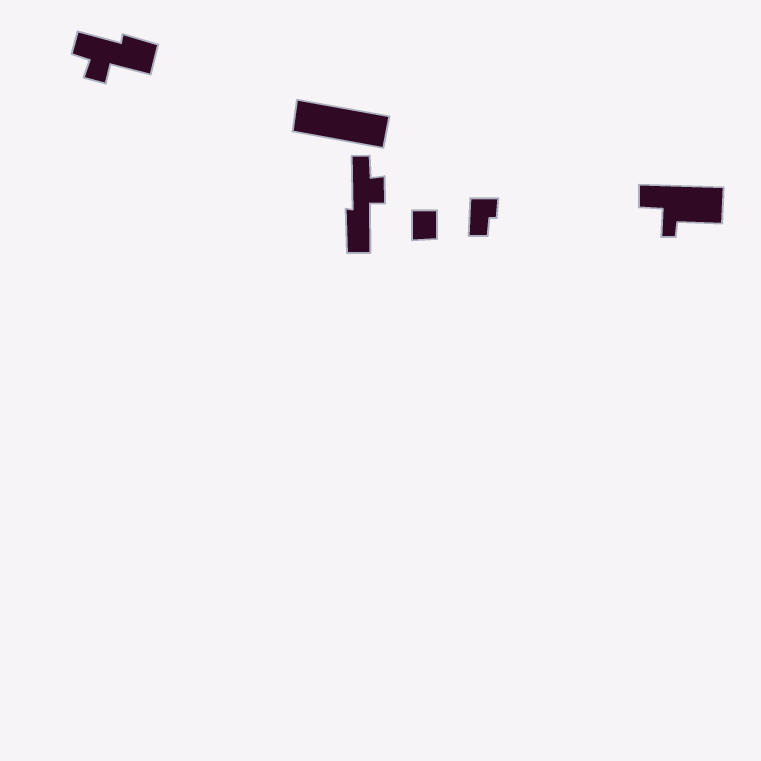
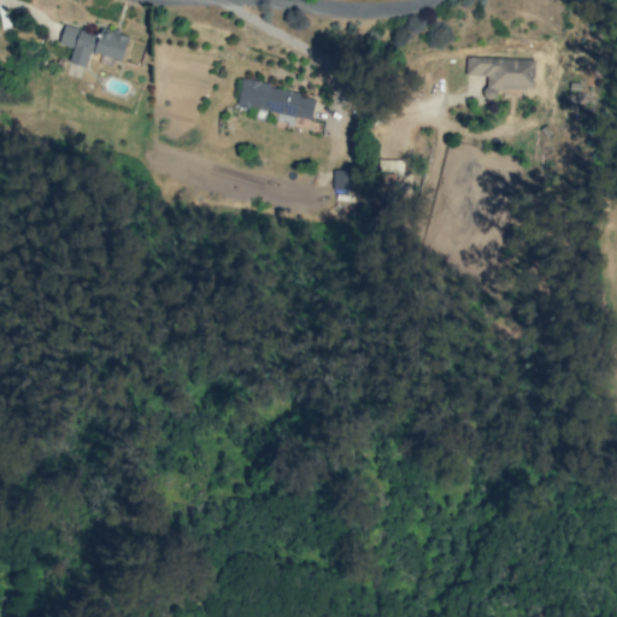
building: [346,155,385,253] -> none
building: [639,185,724,237] -> [466,58,535,100]

